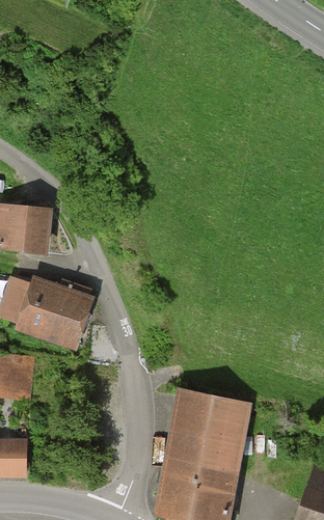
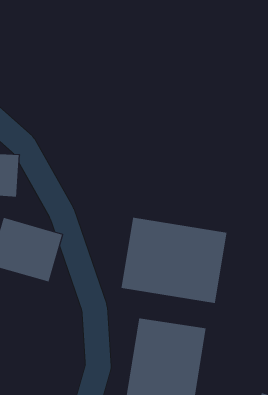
building: none -> [121,217,227,304]

